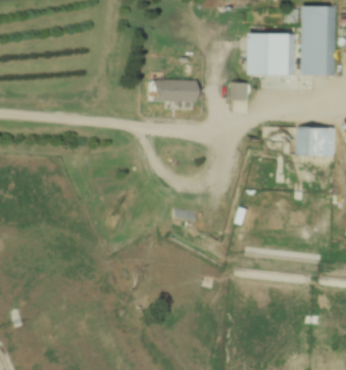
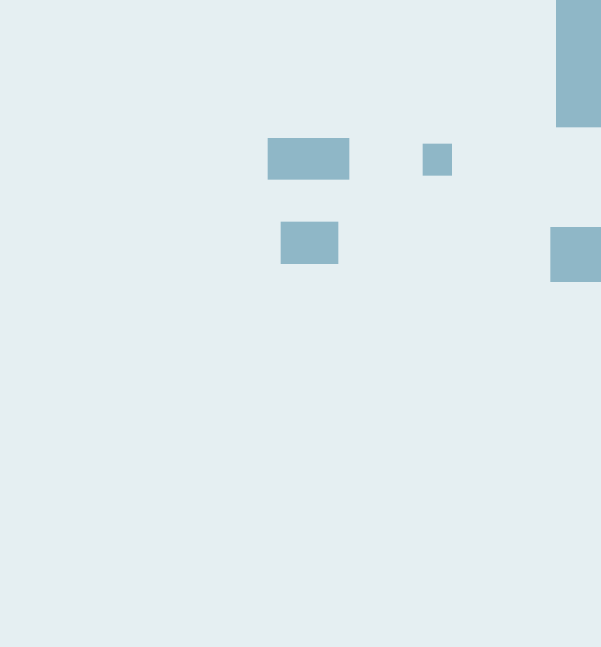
building: [253,33,295,75] -> none
building: none -> [280,221,339,265]

